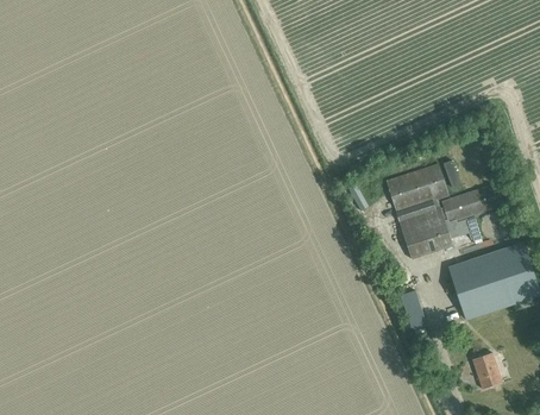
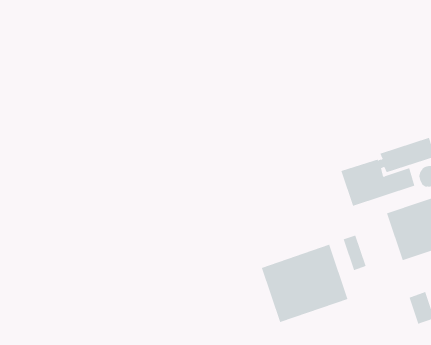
building: [384,163,447,212] -> none
building: none -> [261,244,348,323]

